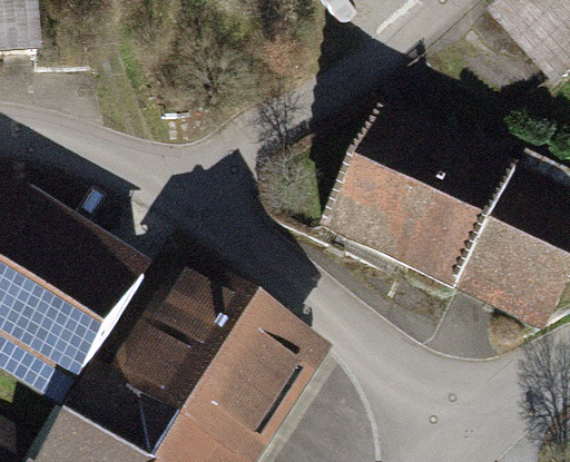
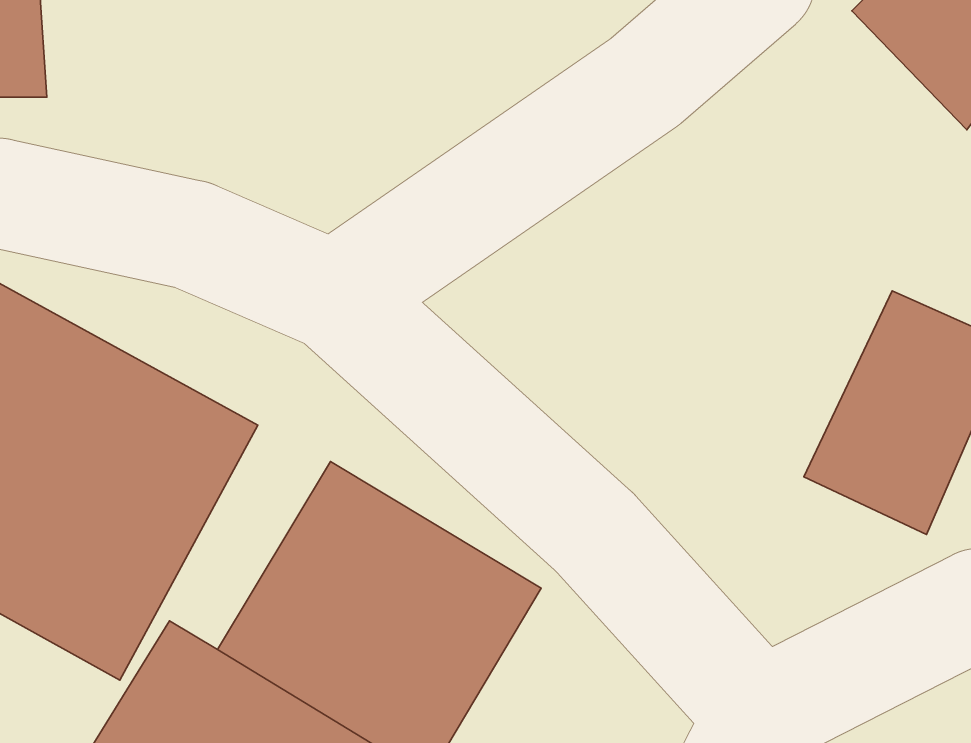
building: [332,115,519,287] -> none

